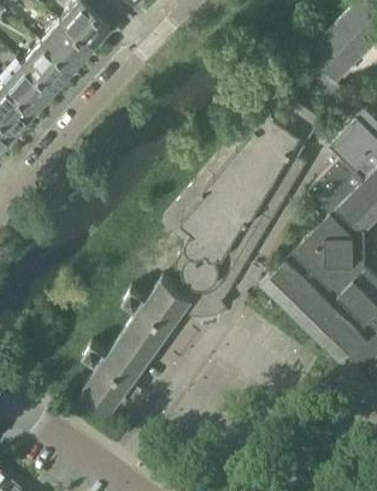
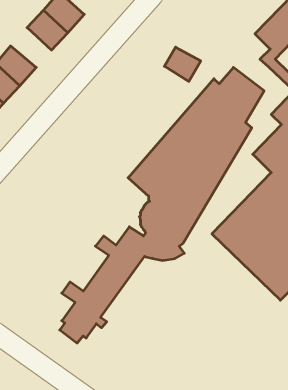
building: [24,41,72,88] -> none
building: none -> [164,47,201,81]

